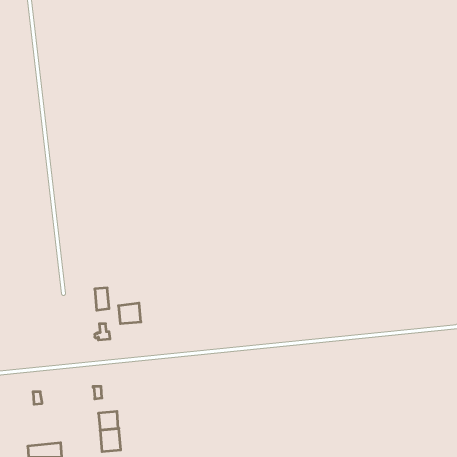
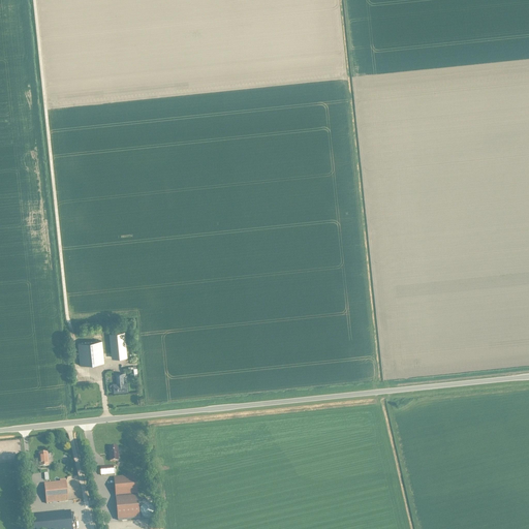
building: [118,303,141,324] -> [77,341,103,365]
building: none -> [44,481,67,503]

